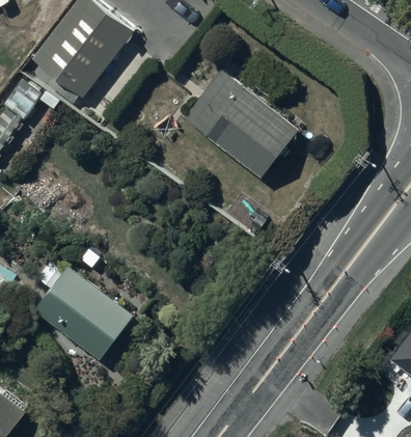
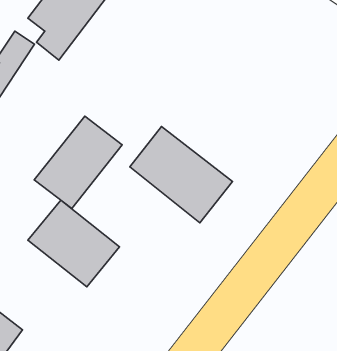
building: [184,72,298,179] -> [130,127,233,223]
building: none -> [34,116,122,208]

